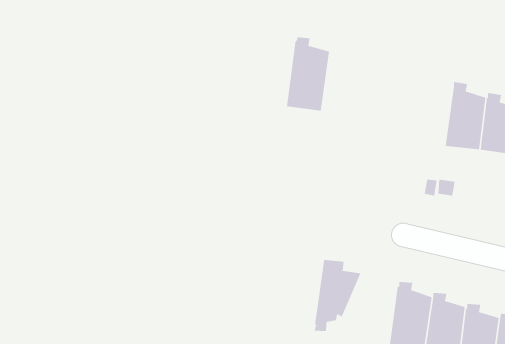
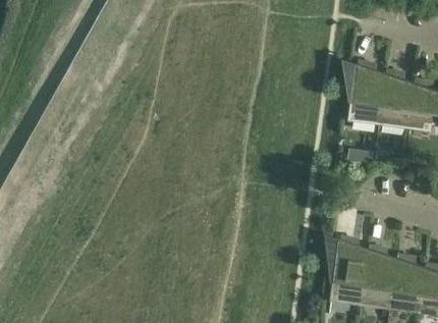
building: [286,37,330,111] -> [348,62,385,124]
building: [314,259,363,332] -> none

